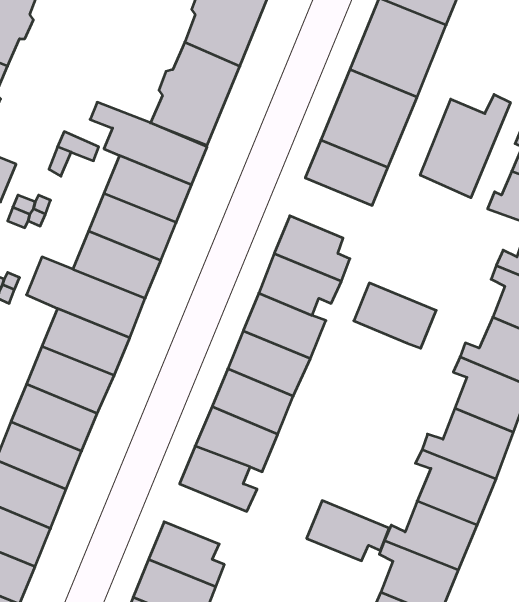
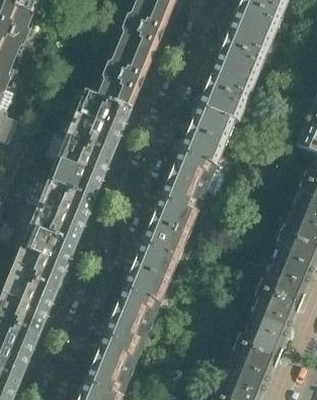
building: [420,94,510,198] -> none
building: [354,283,436,348] -> [177,130,226,168]
building: [307,501,389,561] -> [103,310,152,345]

